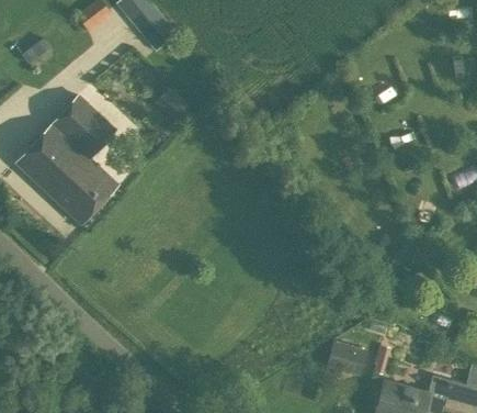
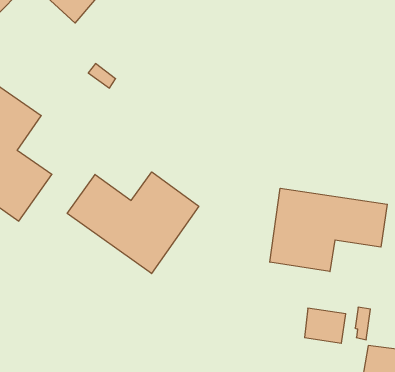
building: none -> [67,172,199,274]
building: none -> [270,188,387,272]

